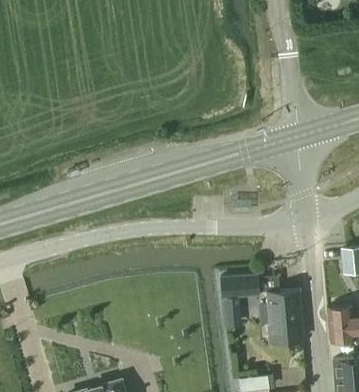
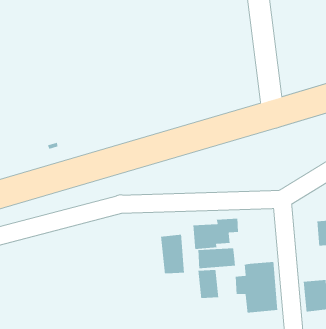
building: none -> [193,218,239,250]
building: none -> [160,234,185,274]

